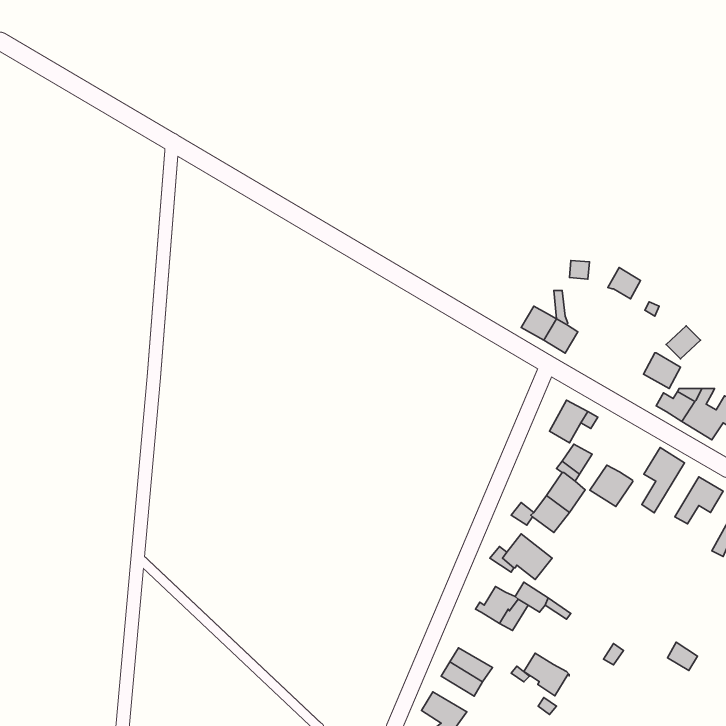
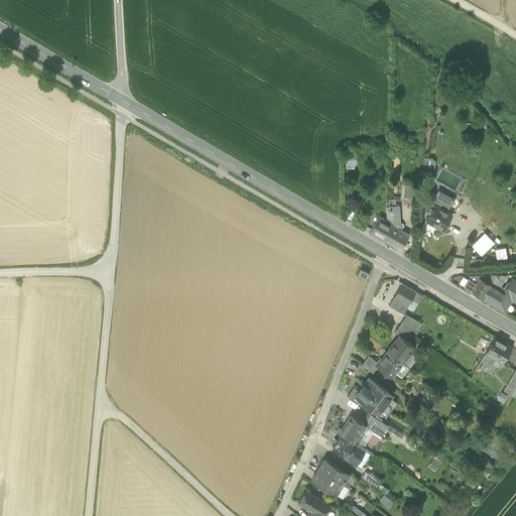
building: [643,353,680,388] -> [426,206,453,231]
building: [642,447,685,513] -> none
building: [590,465,633,506] -> none
building: [524,653,569,696] -> [334,434,366,465]

